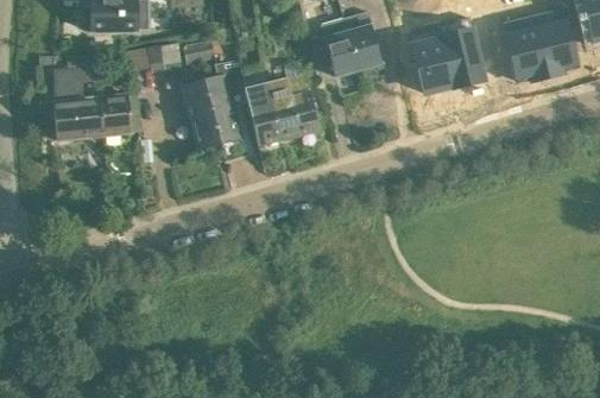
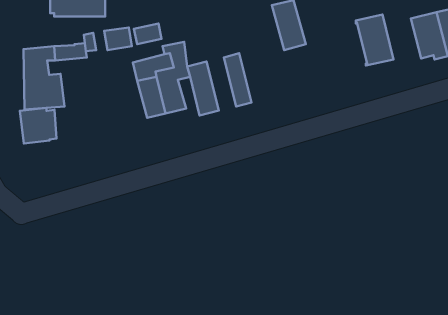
building: [320,18,356,76] -> none
building: [411,38,453,93] -> none
building: [266,78,301,140] -> none
building: [96,94,139,135] -> [20,108,57,144]

